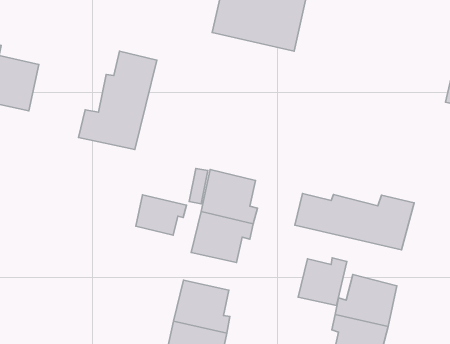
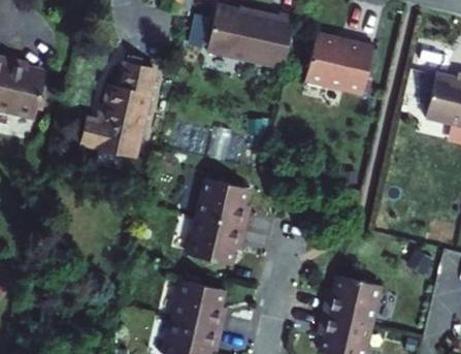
building: none -> [306,33,375,93]
building: [295,194,414,250] -> none
building: [136,195,186,235] -> none
building: [298,258,347,306] -> none

